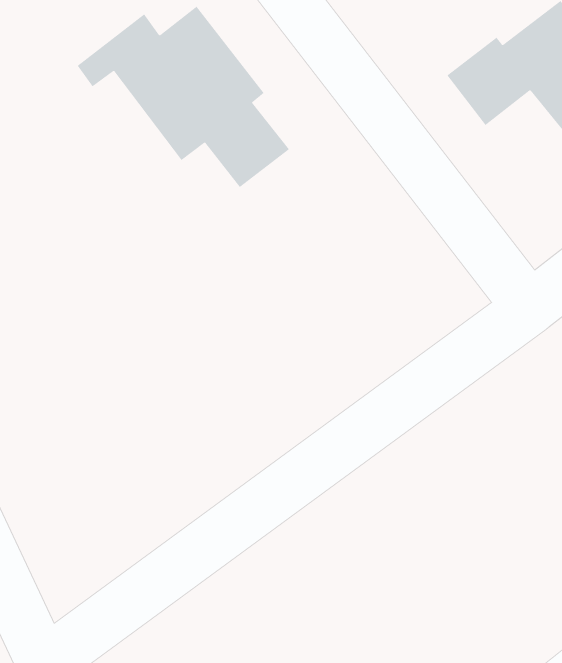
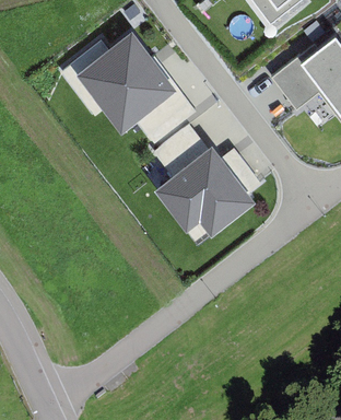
building: none -> [154,132,258,229]

